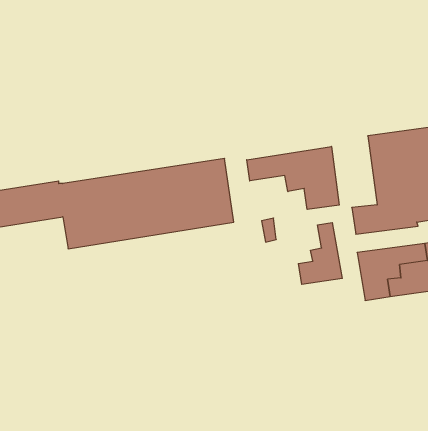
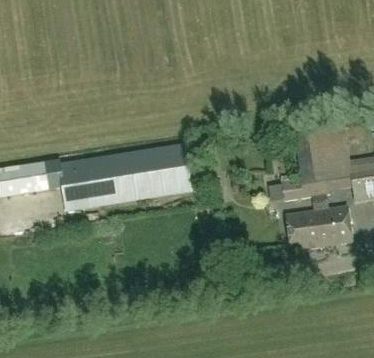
building: [247,146,339,209] -> none
building: [298,223,342,284] -> none

